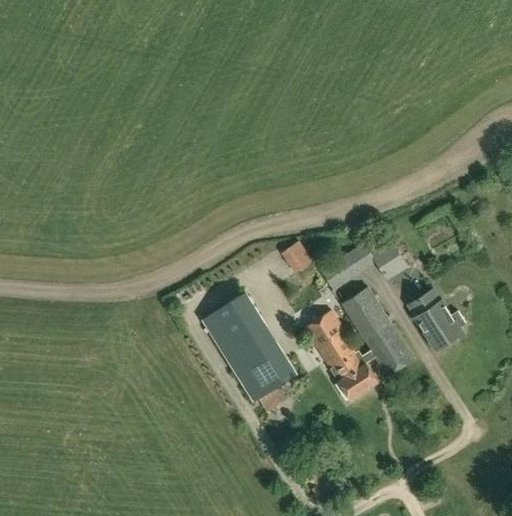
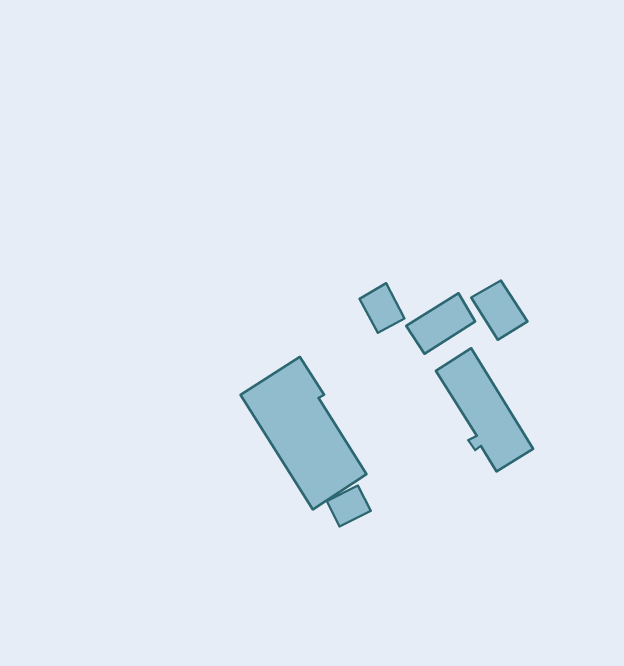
building: [407,288,465,349] -> none
building: [303,311,377,400] -> none

